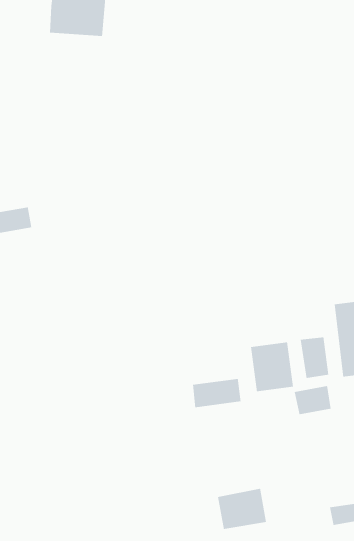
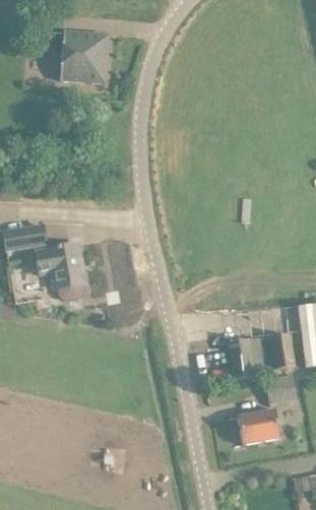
building: none -> [35,243,85,300]
building: [193,378,241,408] -> none
building: [217,488,267,530] -> [238,409,279,444]

